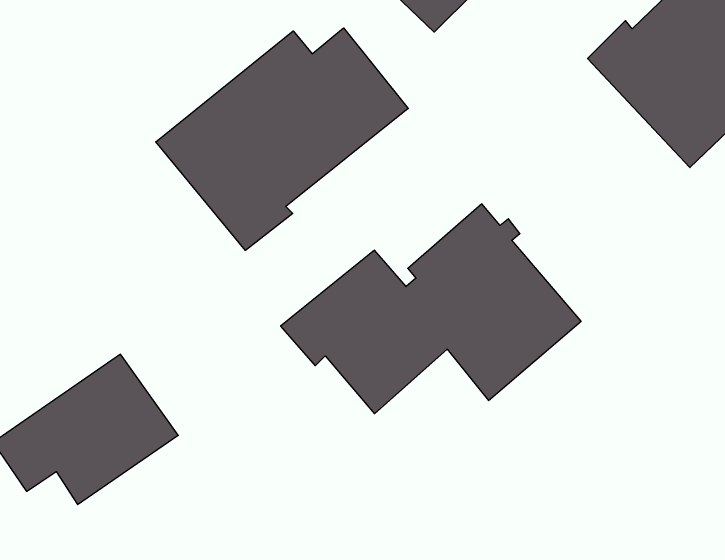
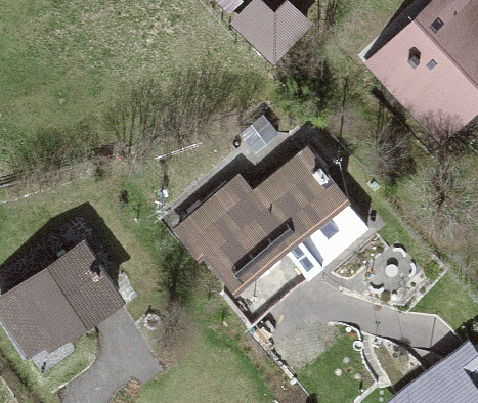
building: [156,28,408,250] -> none

